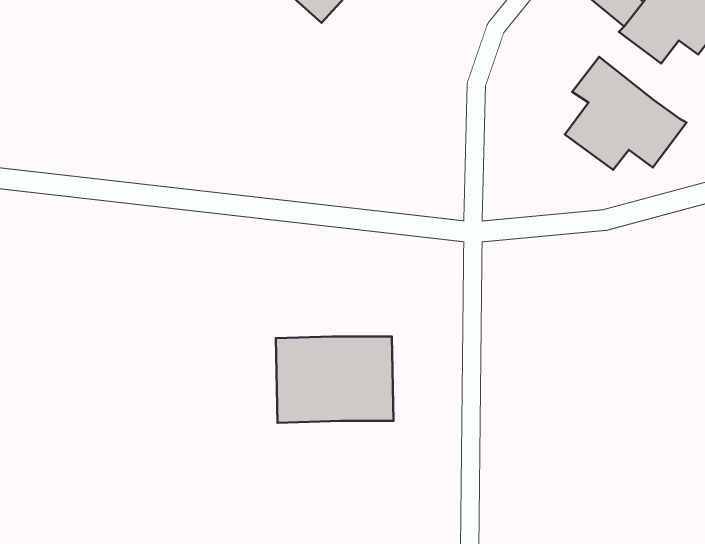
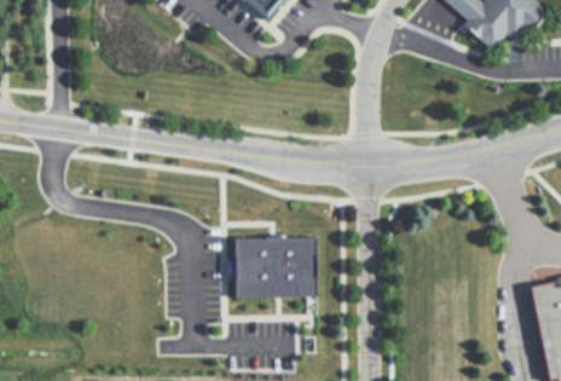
building: [565,57,687,170] -> none

